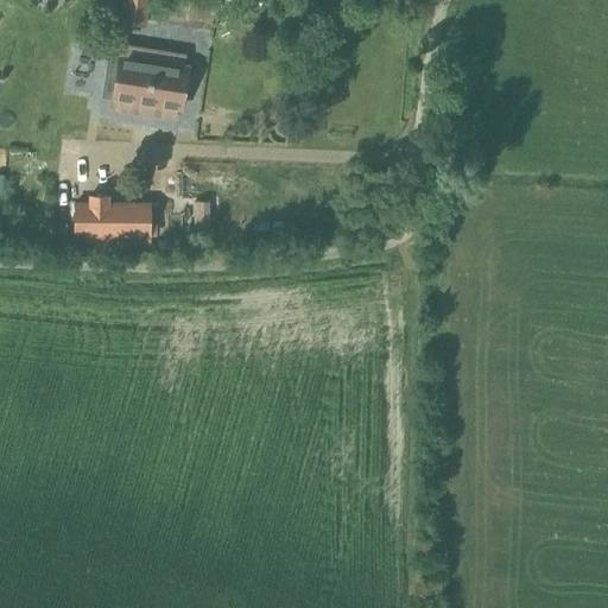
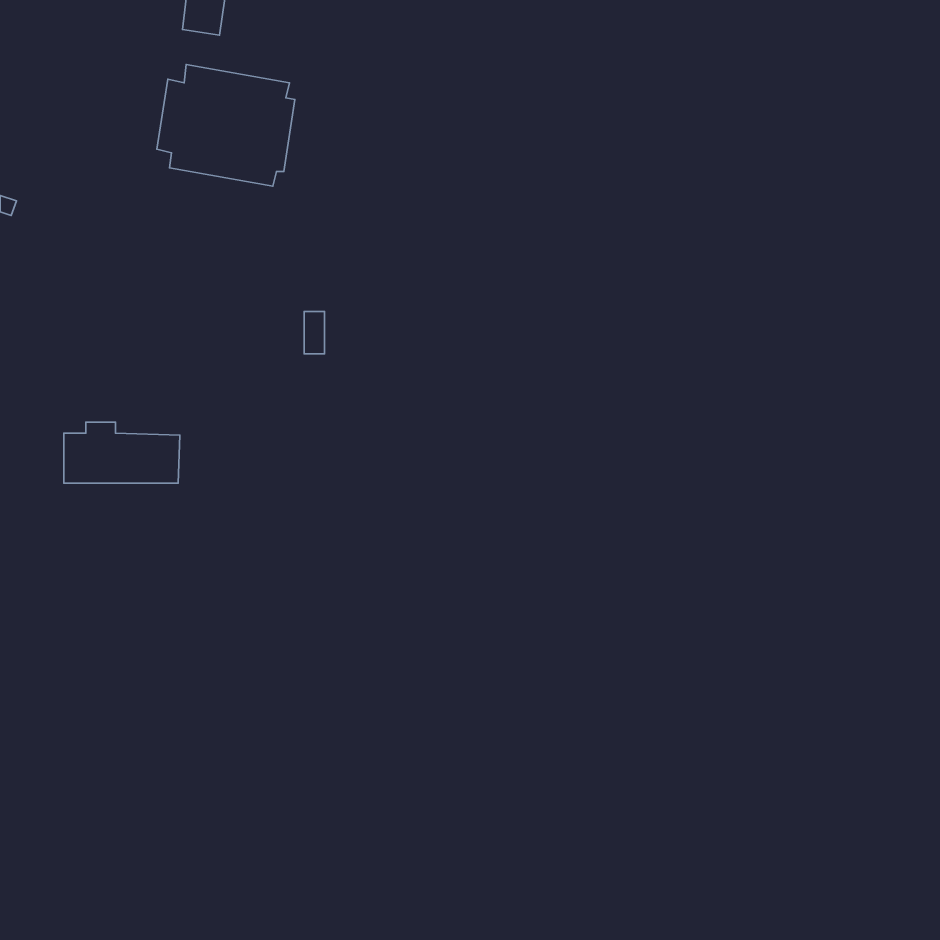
building: [77,195,152,234] -> [64,422,180,483]

